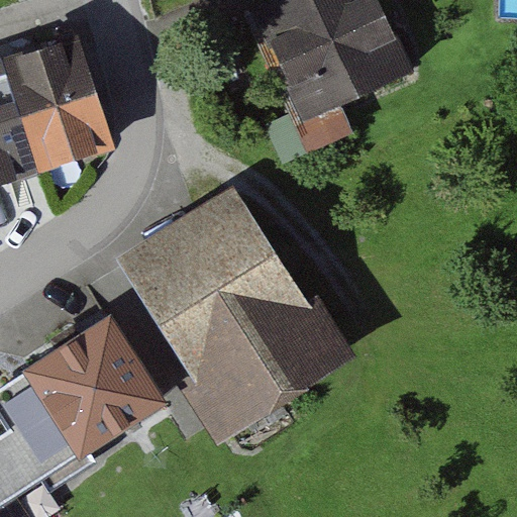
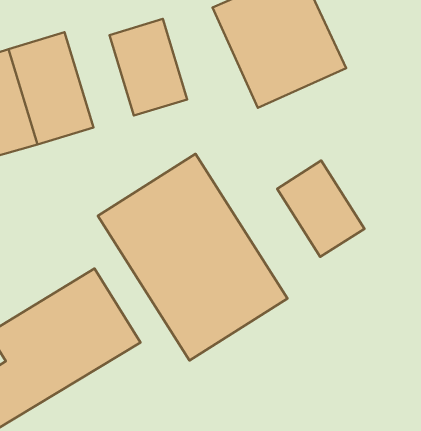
building: none -> [109,19,187,116]
building: none -> [277,161,365,257]

